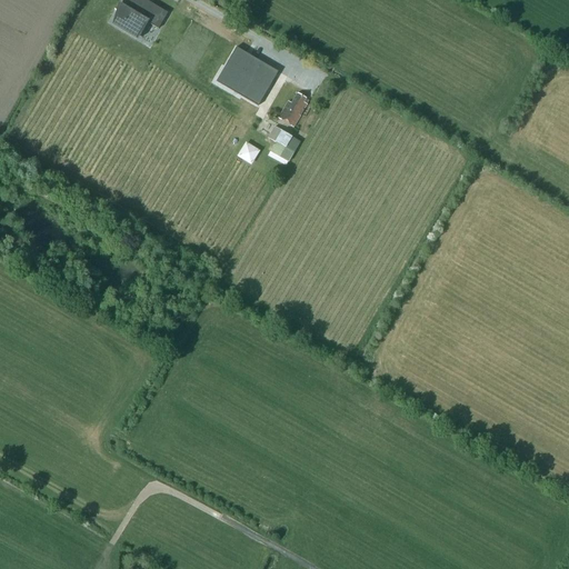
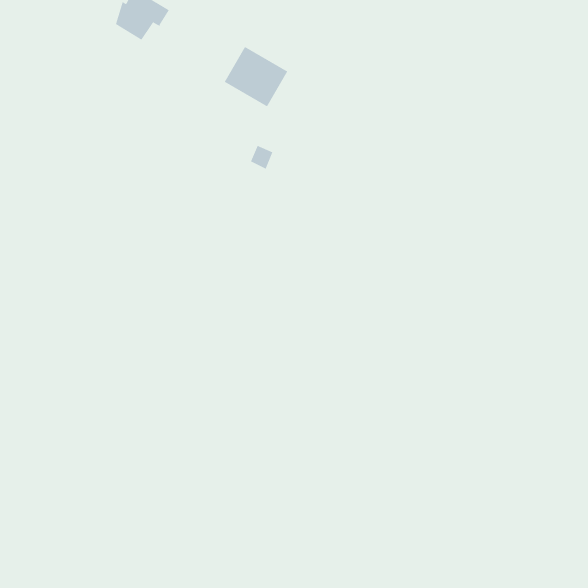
building: [279,93,308,128] -> none
building: [268,126,300,161] -> none

